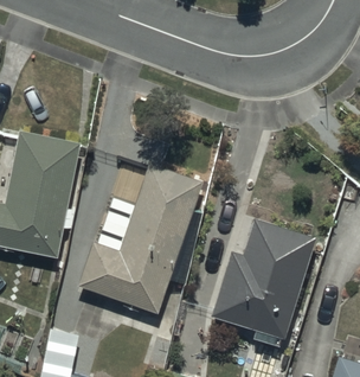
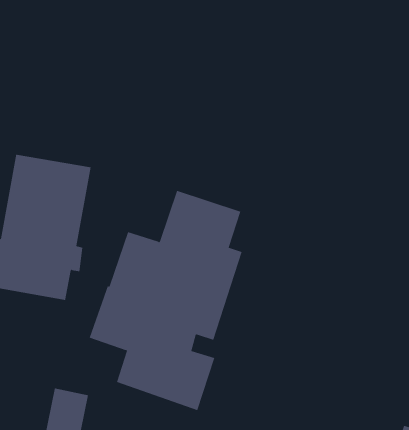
building: [212,222,316,339] -> none

